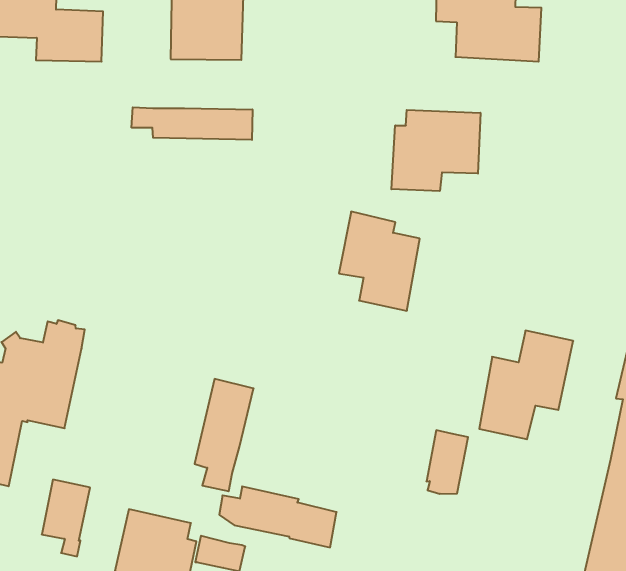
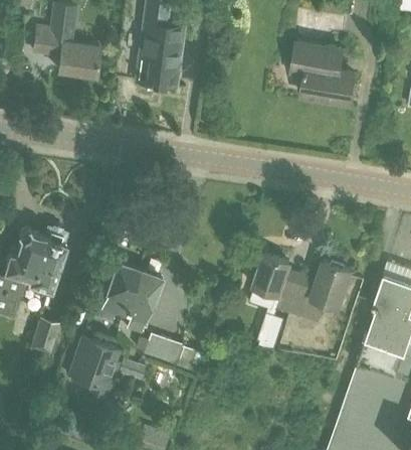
building: [132,107,252,140] -> none
building: [391,110,480,191] -> none
building: [339,212,420,311] -> [253,254,302,315]
building: none -> [96,261,140,325]

